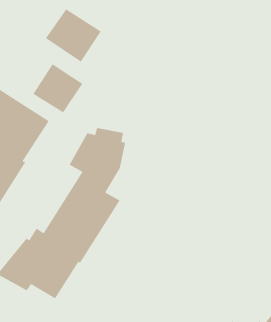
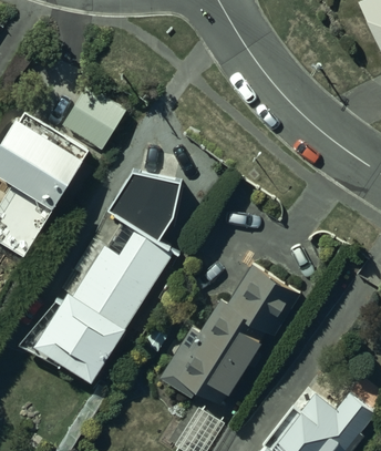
building: [45,8,101,62] -> none
building: none -> [162,265,300,400]

